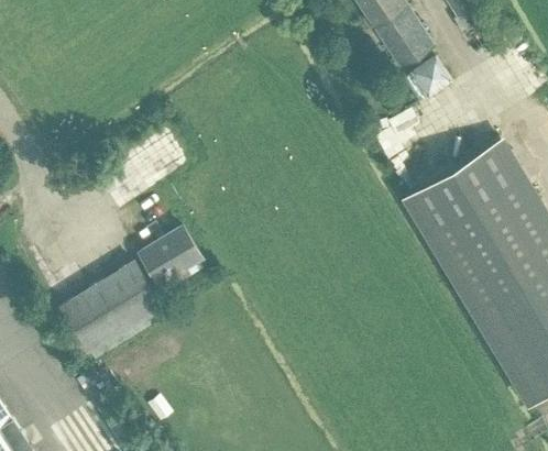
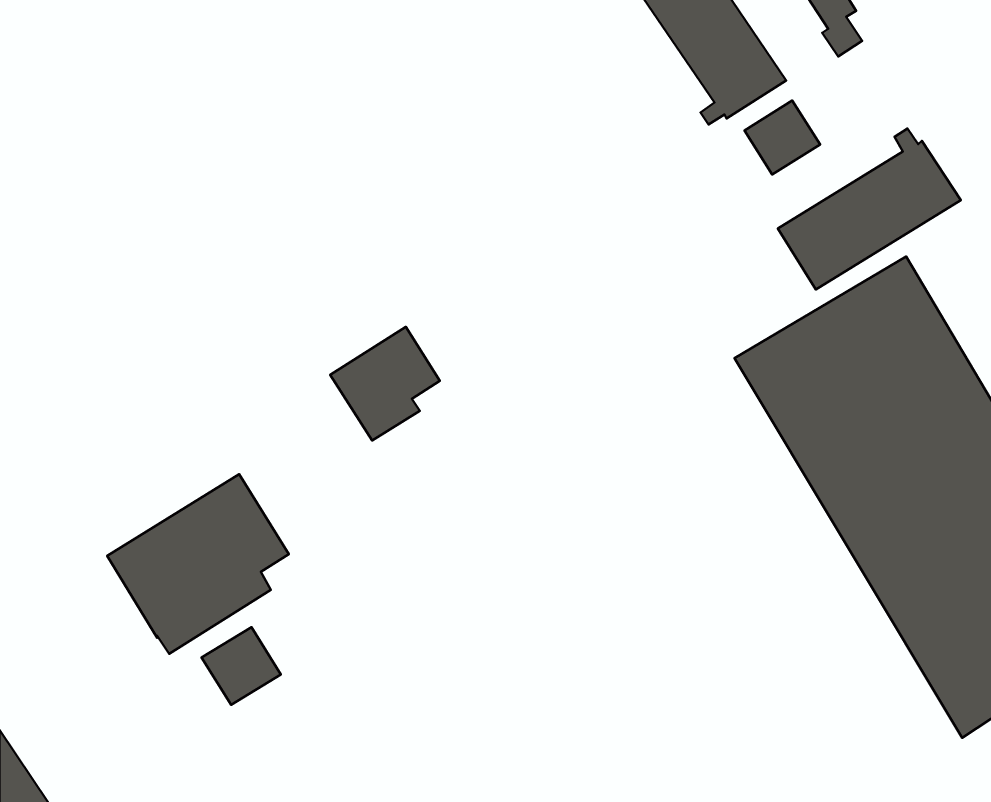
building: none -> [778,128,961,289]
building: [140,227,200,289] -> [330,327,440,441]
building: none -> [202,627,281,705]

